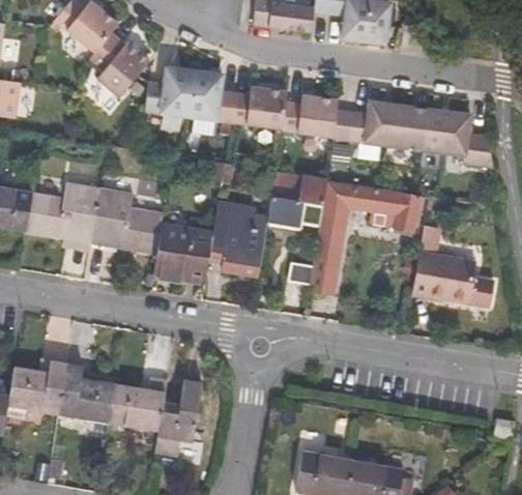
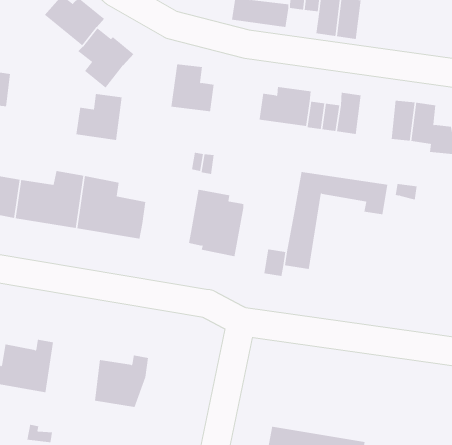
building: [146,65,196,115] -> [76,93,123,140]
building: [232,85,288,127] -> none
building: [386,103,427,149] -> none
building: [267,172,327,227] -> none
building: [412,225,475,301] -> none
building: [153,238,210,283] -> none
building: [58,363,114,426] -> none
building: [148,378,202,456] -> none

